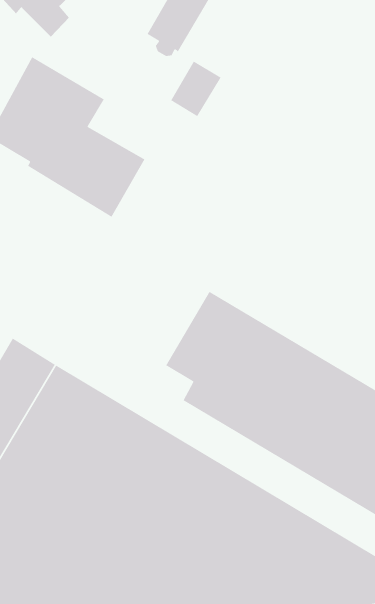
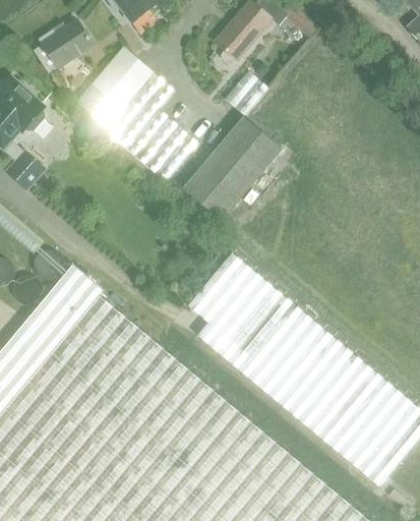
building: none -> [182,120,282,225]

